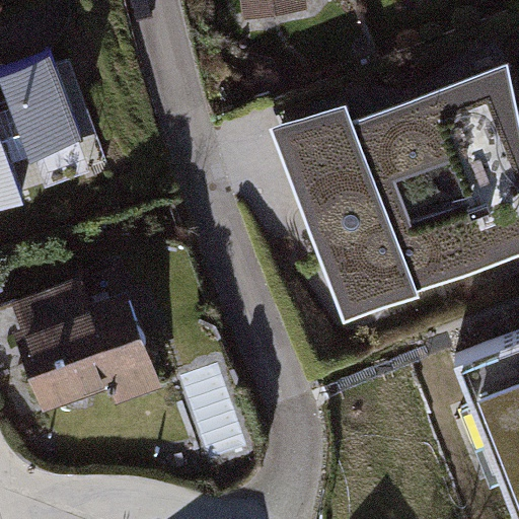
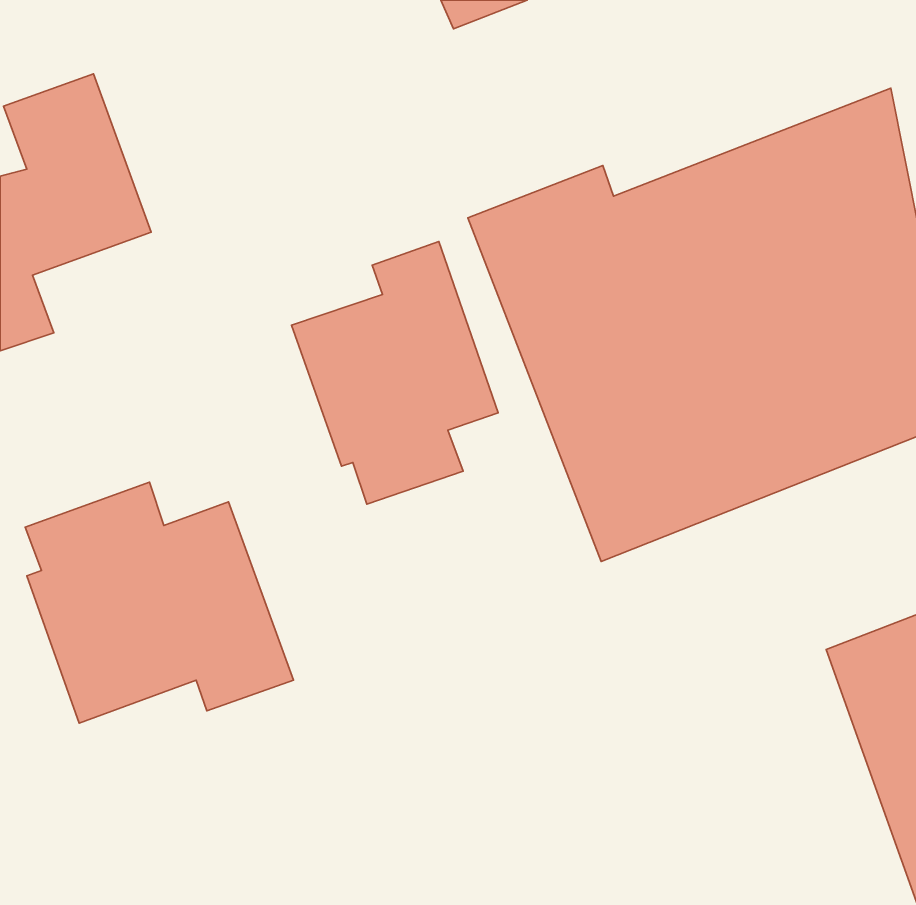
building: none -> [291,242,498,504]

